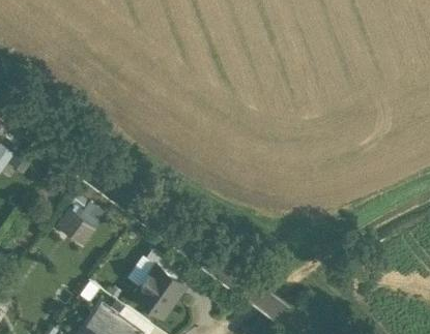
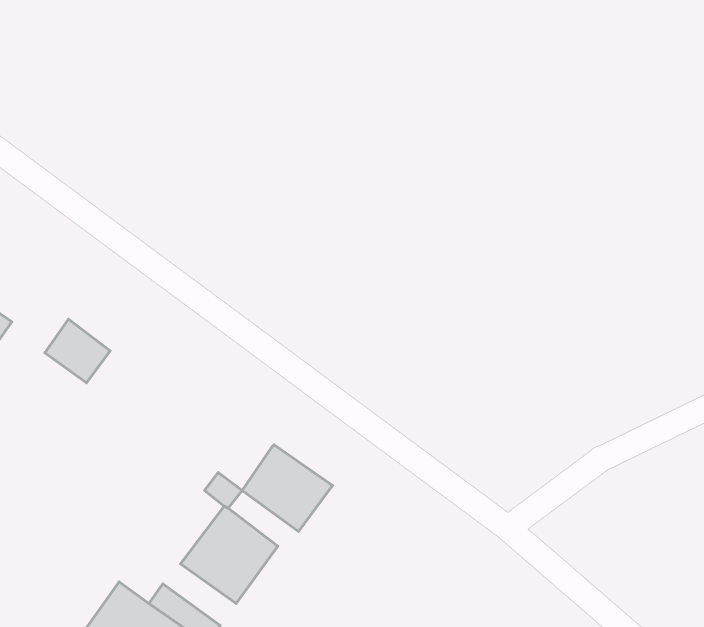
building: [57,210,91,243] -> [45,319,110,383]
building: none -> [242,445,332,531]

